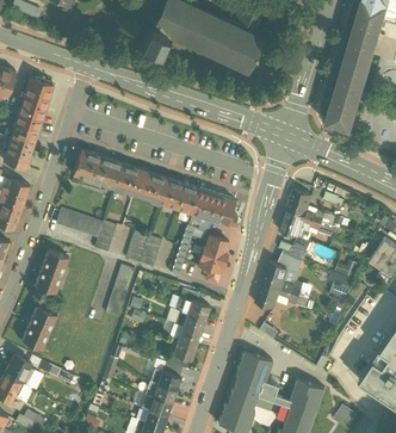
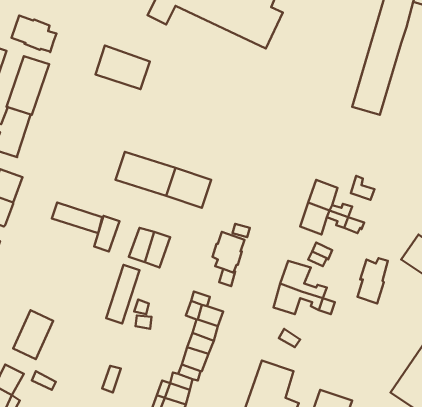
building: none -> [12,15,56,52]
building: [73,150,122,190] -> [95,45,150,89]
building: [171,190,237,277] -> none
building: [35,252,68,293] -> none

